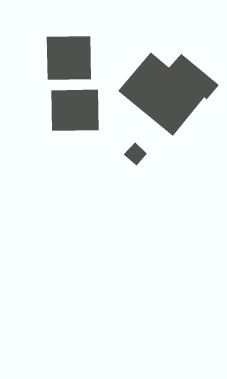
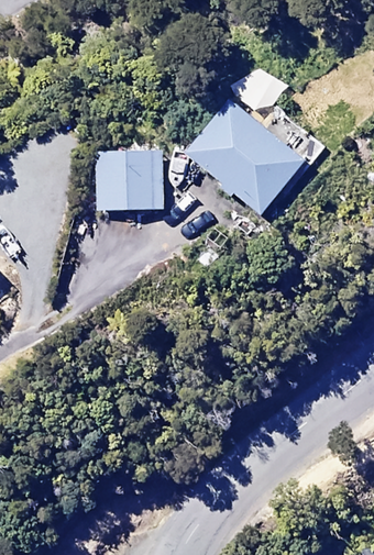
building: [46,36,91,80] -> none

